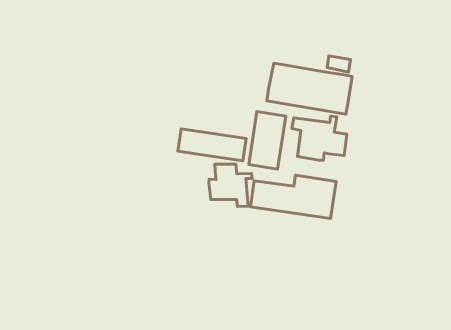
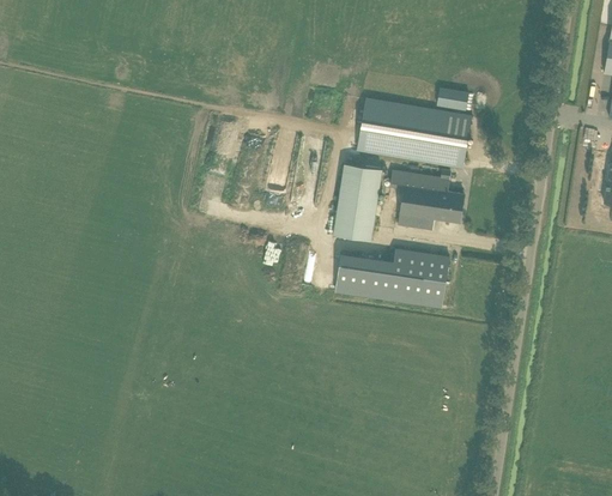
building: [178,129,246,161] -> none
building: [209,164,252,206] -> none

